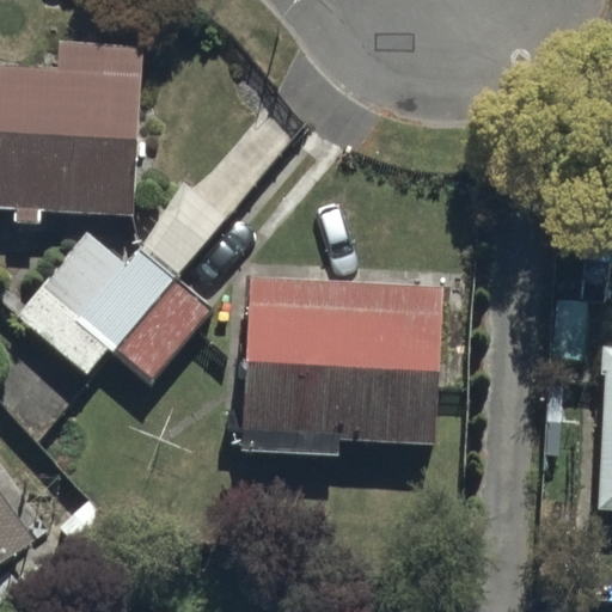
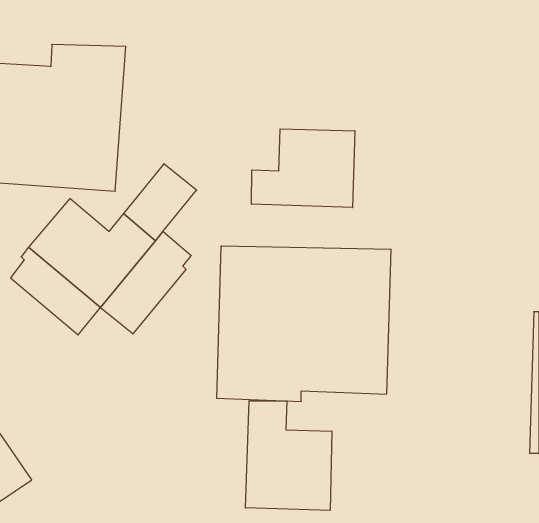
building: none -> [252,129,355,208]
building: none -> [245,401,332,510]

